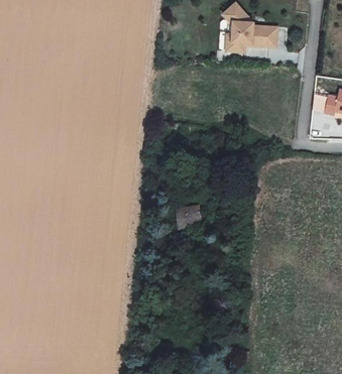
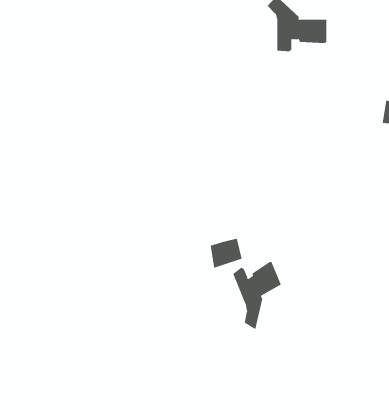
building: none -> [232,261,281,330]

